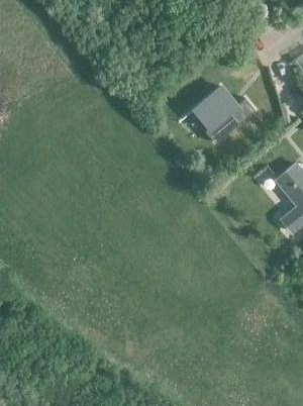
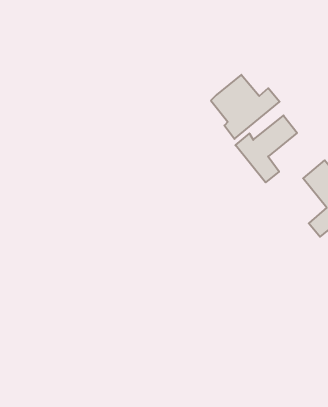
building: none -> [235,115,297,182]

